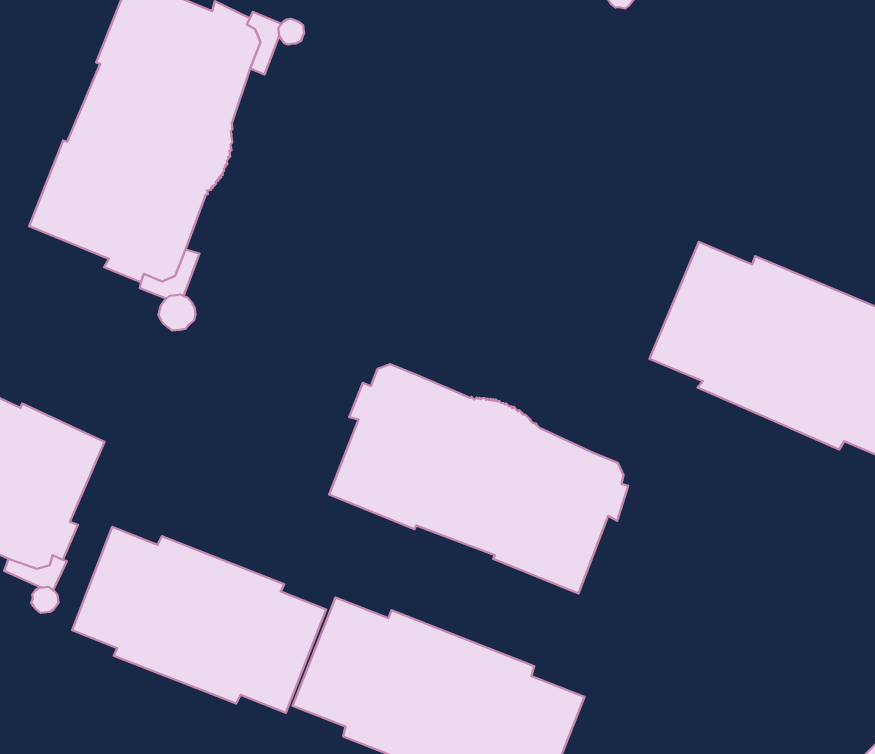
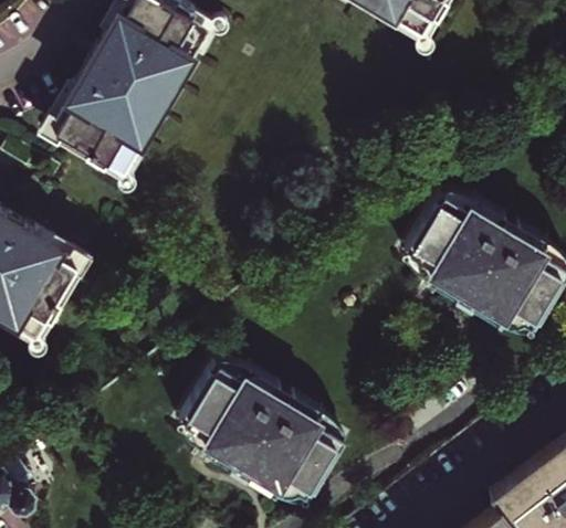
building: [329,364,628,593] -> none
building: [72,527,326,713] -> none

